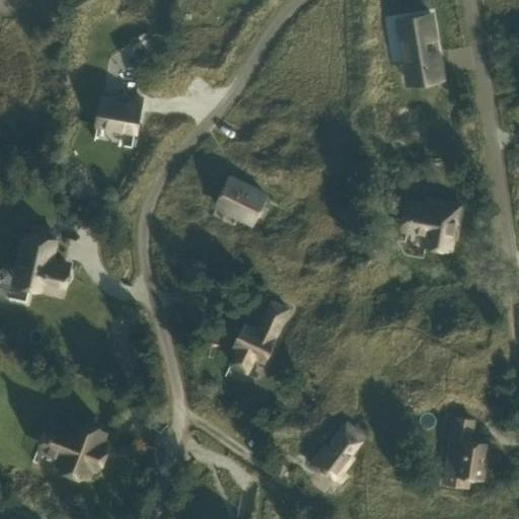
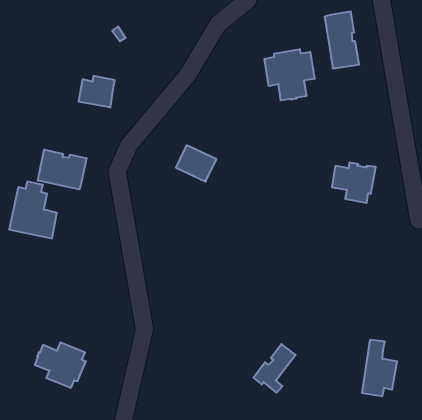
building: none -> [265,49,315,100]
building: none -> [38,149,87,189]
building: [230,303,288,373] -> none

